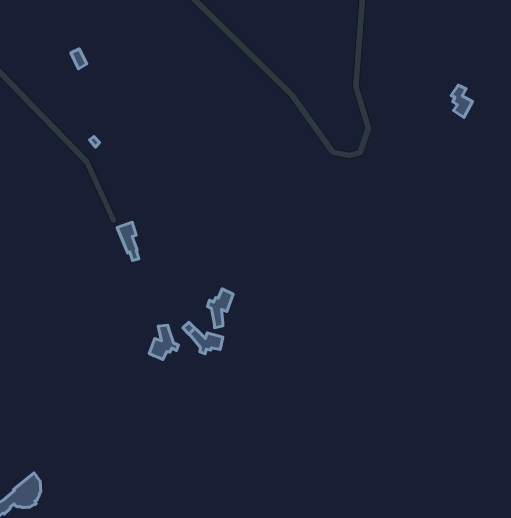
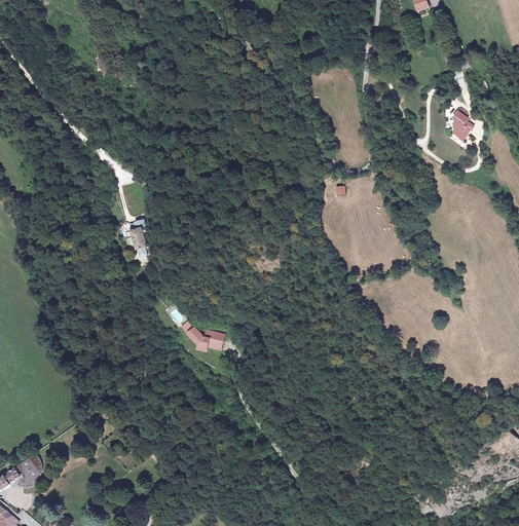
building: [208,289,233,328] -> none
building: [149,325,178,359] -> none

